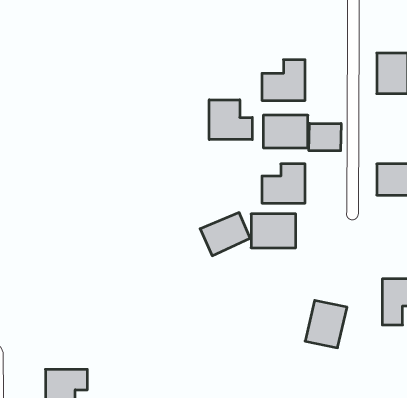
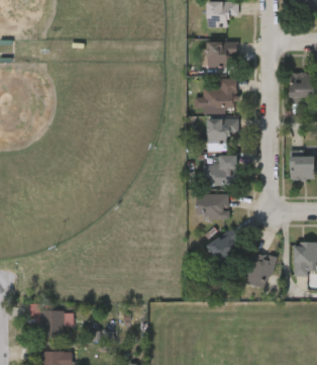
building: none -> [206,42,237,69]
building: [209,100,252,140] -> none
building: [309,123,341,151] -> none
building: [200,213,250,256] -> [206,231,243,263]

